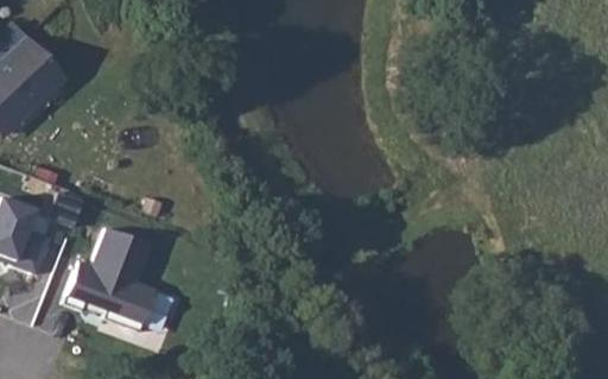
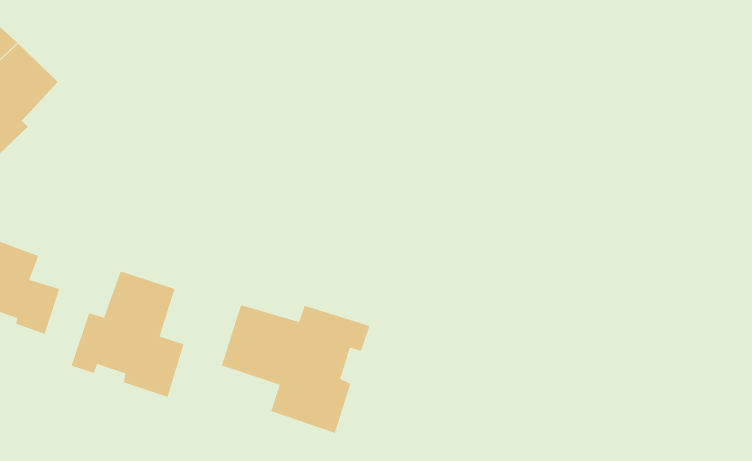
building: none -> [221,304,370,434]

